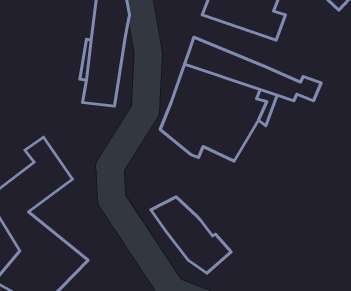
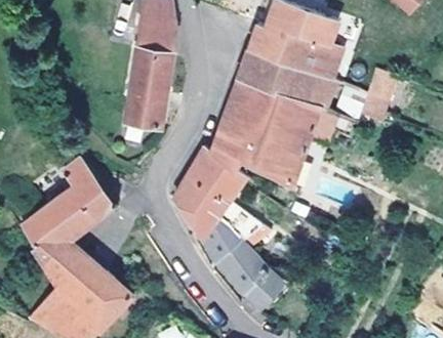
building: none -> [248,26,340,82]
building: none -> [174,147,271,247]

